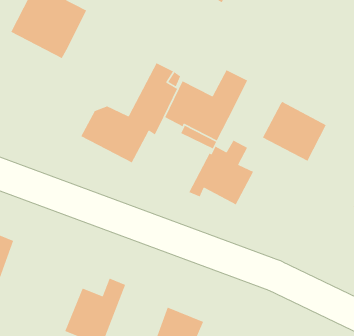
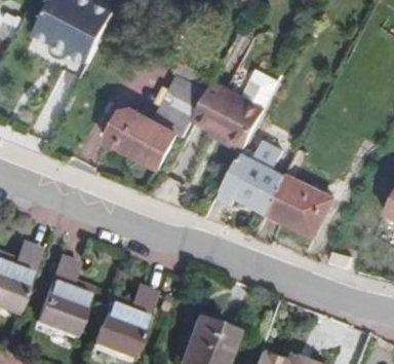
building: [262,101,327,162] -> [268,175,334,238]
building: none -> [37,257,91,336]

